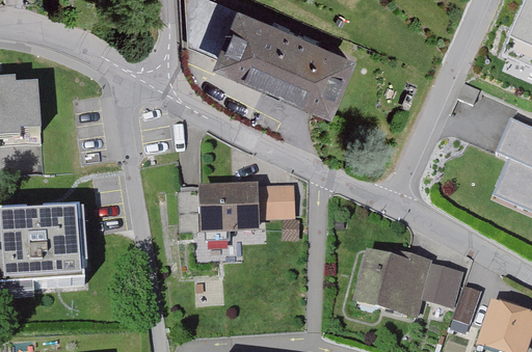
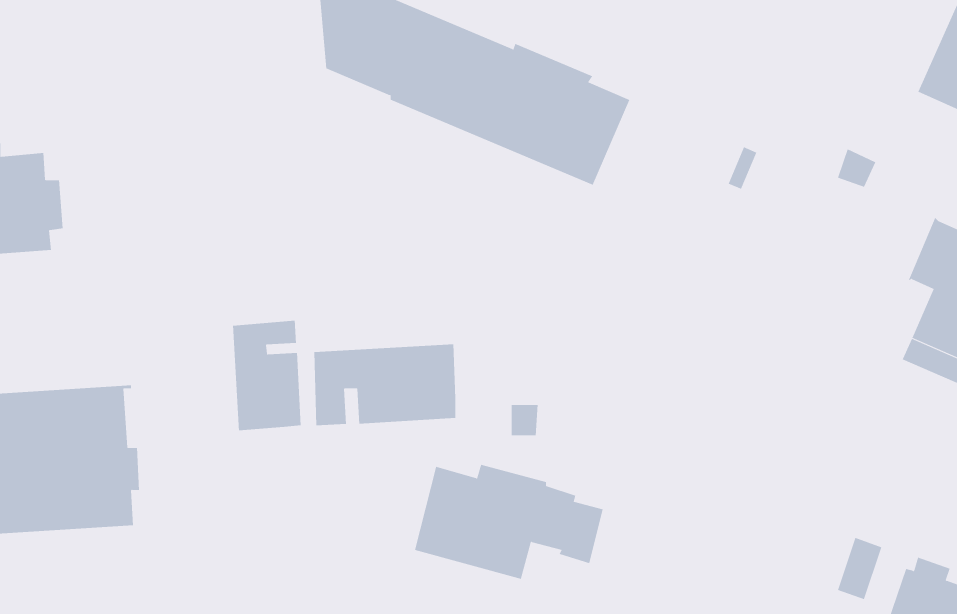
building: none -> [232,320,301,431]
building: [255,187,292,217] -> none
building: [357,253,458,315] -> [414,464,604,580]

